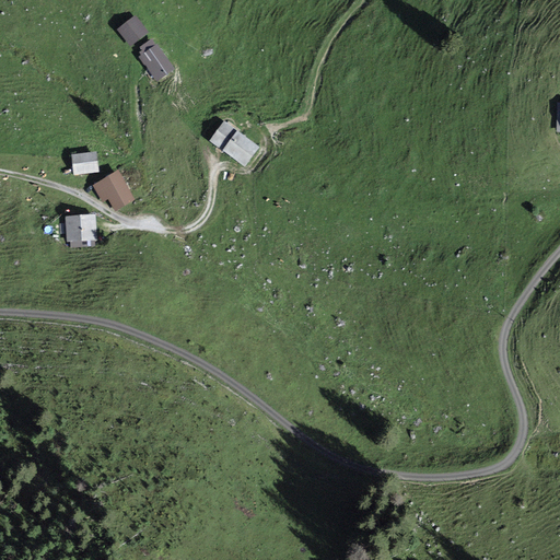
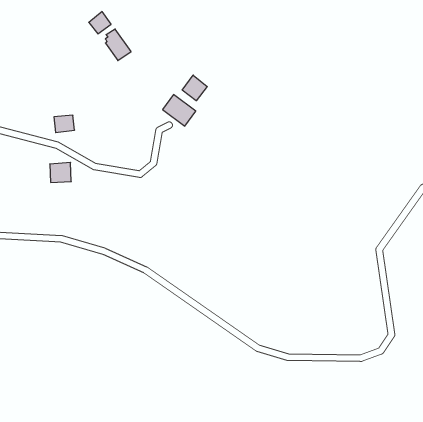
building: none -> [182,75,207,101]
building: [93,171,133,210] -> none

